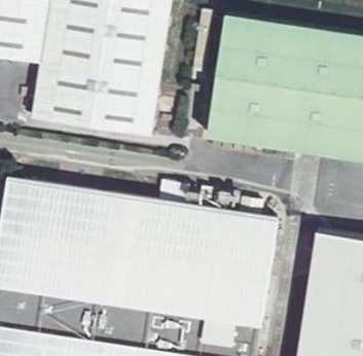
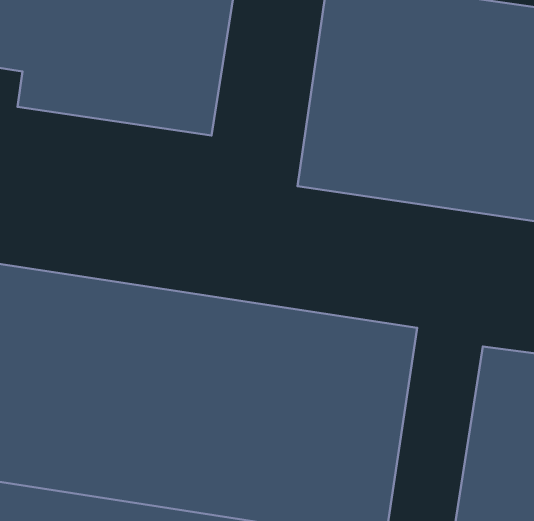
building: [31,86,154,140] -> none

